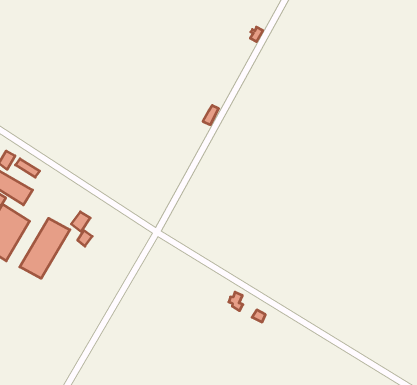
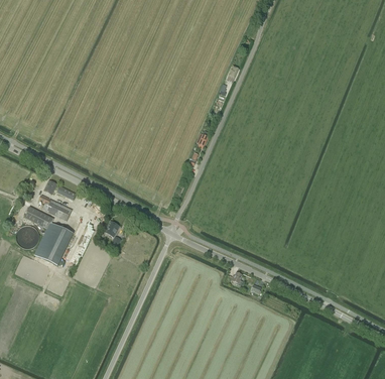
building: [20,218,70,278] -> none

